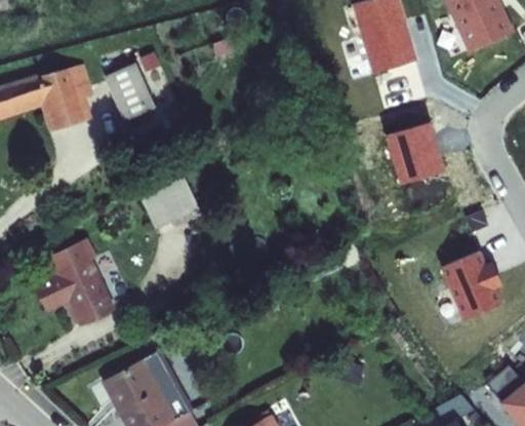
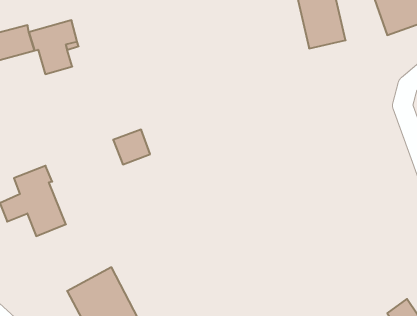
building: [110,56,160,114] -> none
building: [388,127,447,187] -> none
building: [442,257,504,324] -> none

